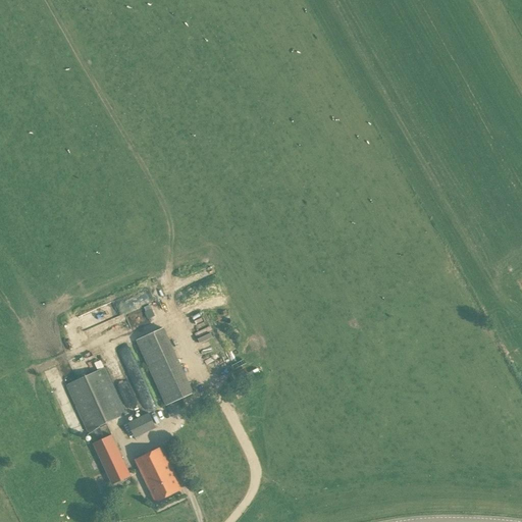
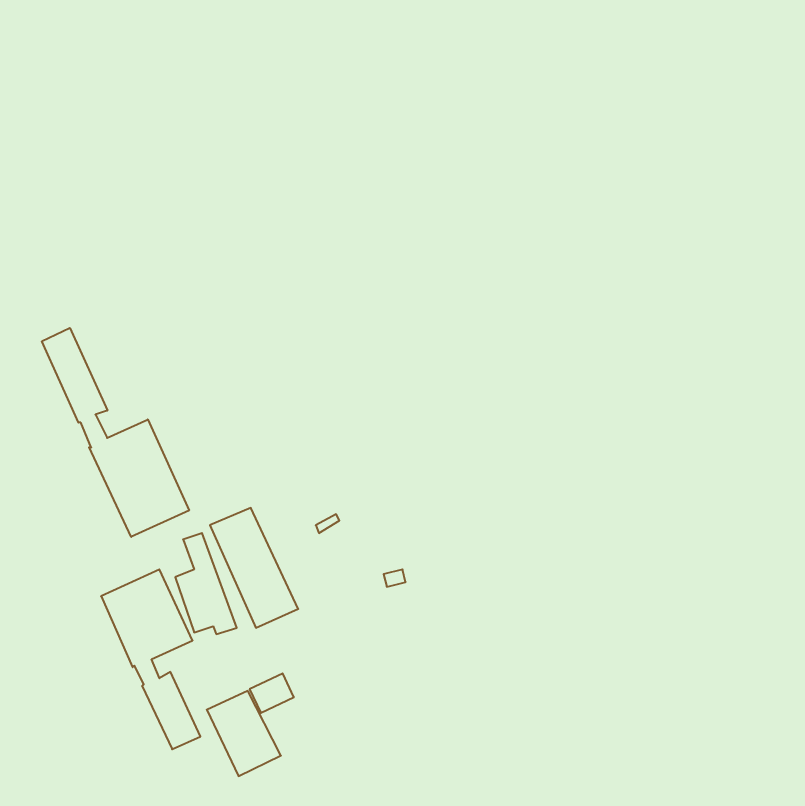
building: none -> [42,328,189,537]
building: [126,413,155,438] -> [250,673,294,713]

